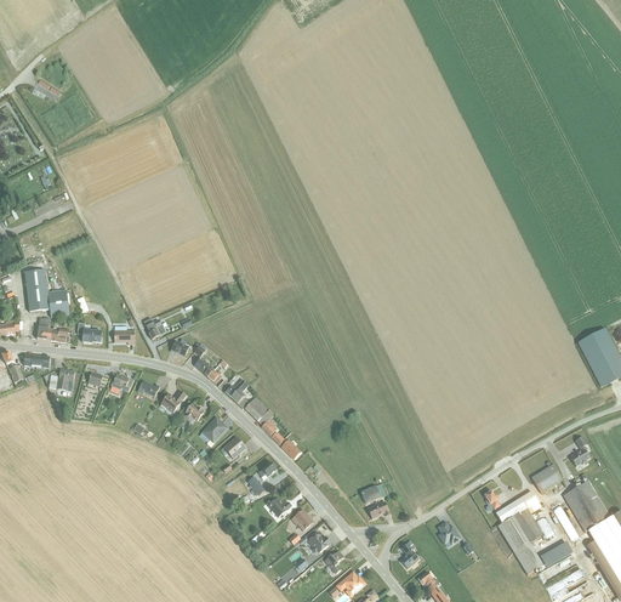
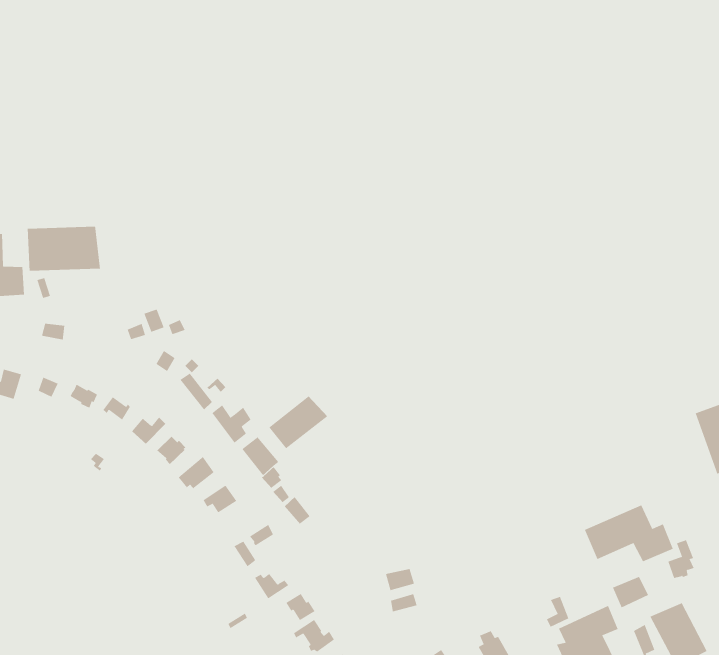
building: none -> [27,226,100,271]
building: none -> [268,395,328,449]
building: none -> [584,505,674,562]

